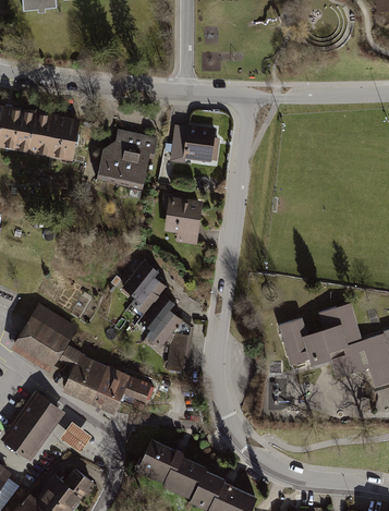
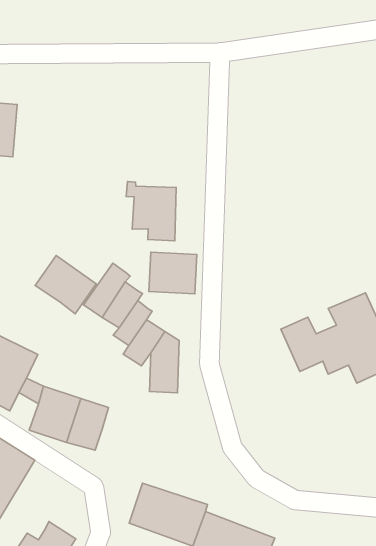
building: [169,124,220,163] -> none
building: [97,130,158,191] -> none
building: none -> [35,256,96,314]
building: none -> [149,252,197,294]
building: [123,376,151,402] -> none
building: [59,419,90,450] -> none

